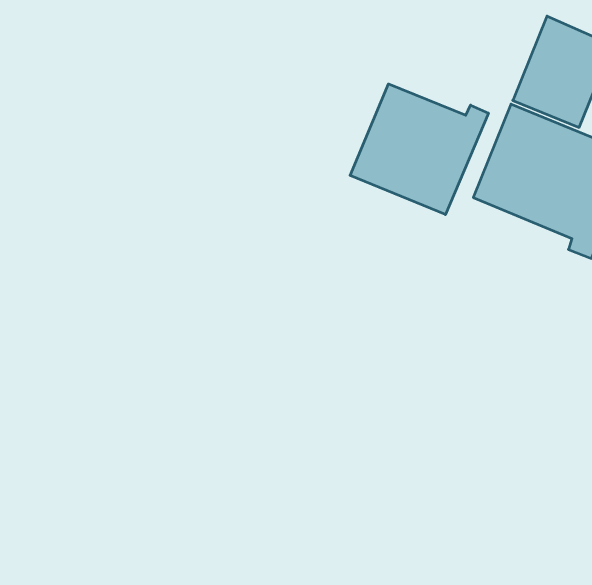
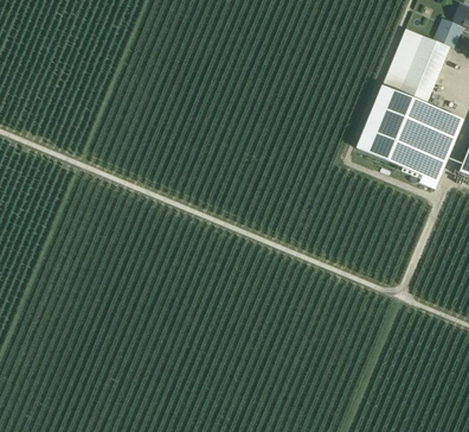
building: [350,84,488,215] -> none

